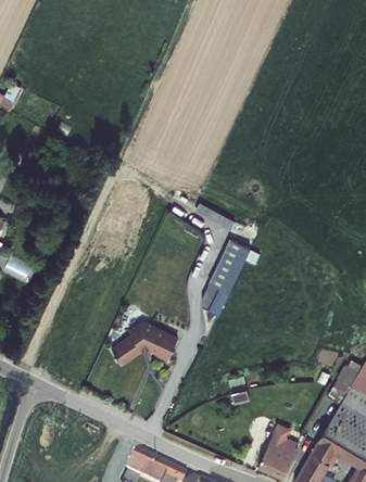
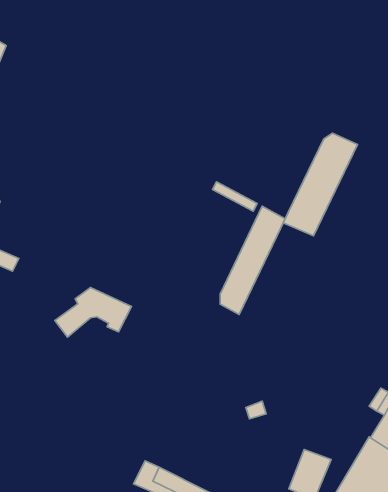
building: none -> [283,133,358,236]
building: [115,317,180,359] -> [55,287,131,337]

